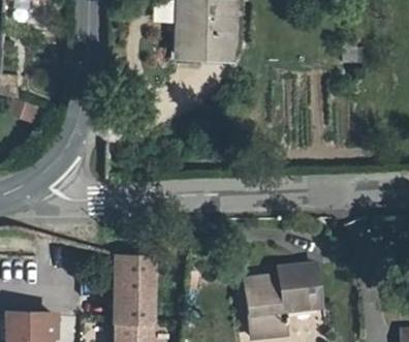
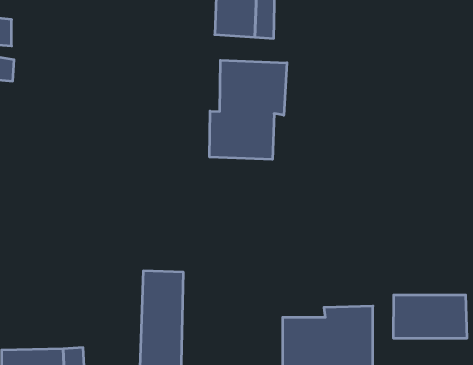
building: none -> [210,60,287,159]
building: none -> [394,295,467,338]

